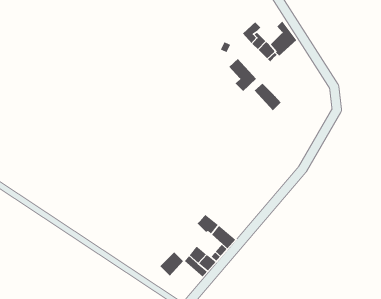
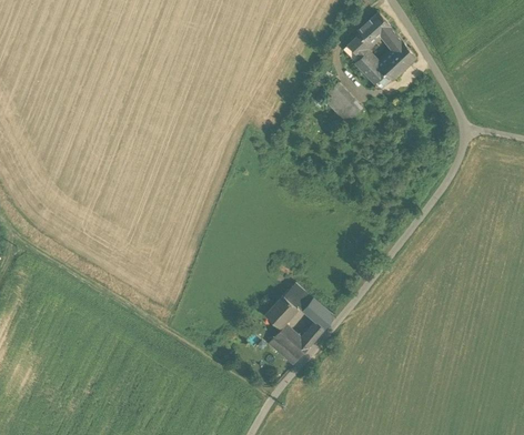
building: none -> [357,13,395,44]
building: [254,83,282,111] -> none
building: [160,252,184,277] -> [265,295,296,327]

